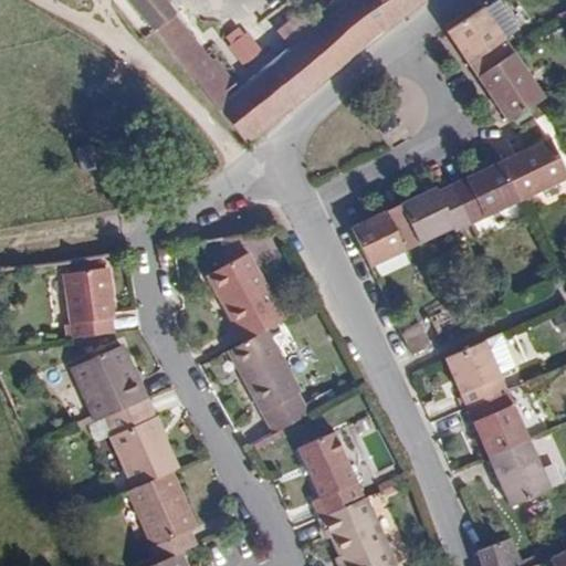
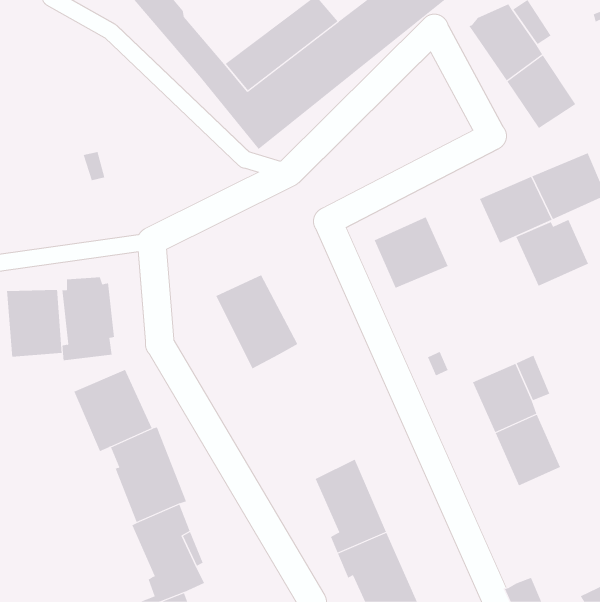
building: [402,186,471,249] -> [516,219,589,286]
building: none -> [7,289,62,358]
building: [224,332,308,433] -> none
building: [489,437,549,502] -> none

